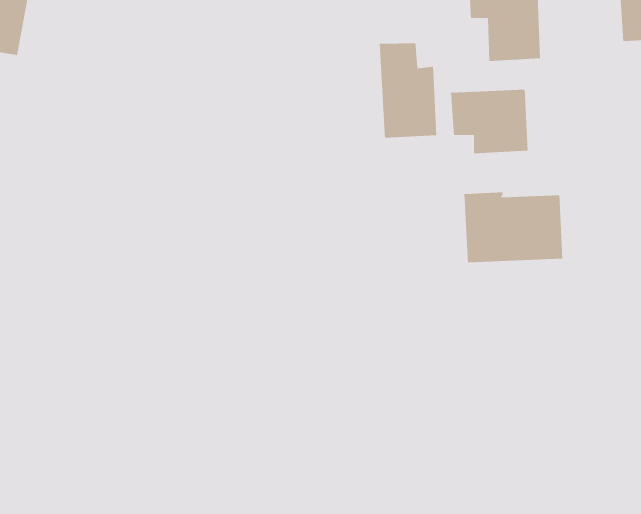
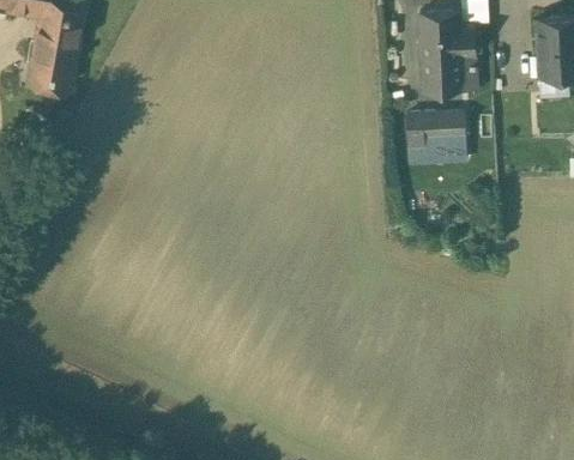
building: [379,43,437,138] -> none
building: [464,191,563,263] -> none

